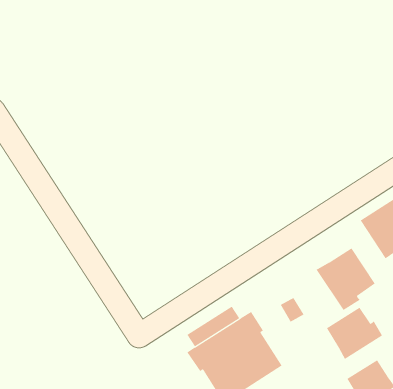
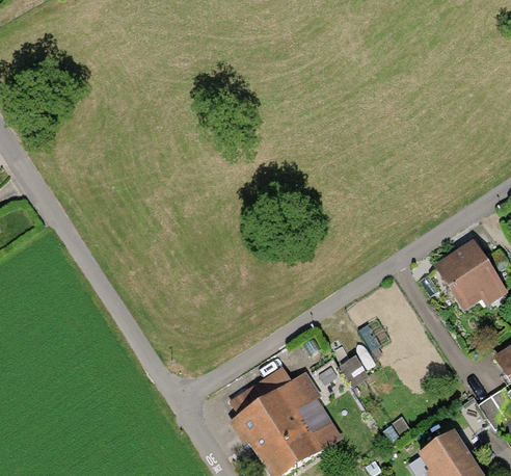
building: [316,248,376,311] -> none
building: [326,307,383,360] -> none

